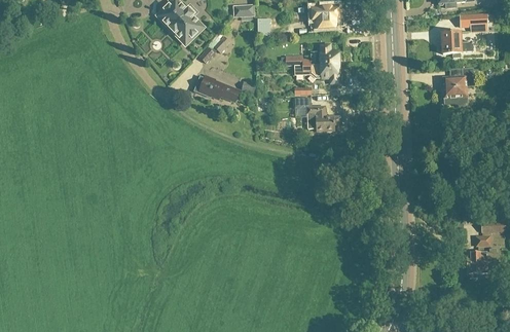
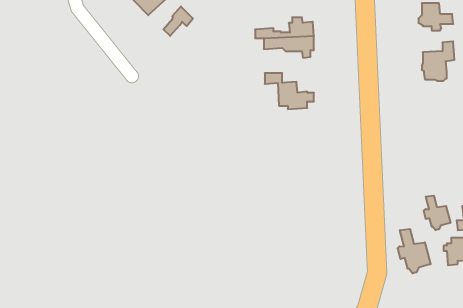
building: [193,74,238,101] -> none
building: none -> [424,196,450,230]
building: none -> [398,229,431,273]

